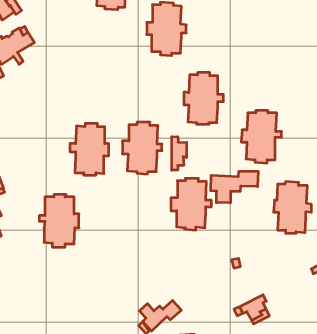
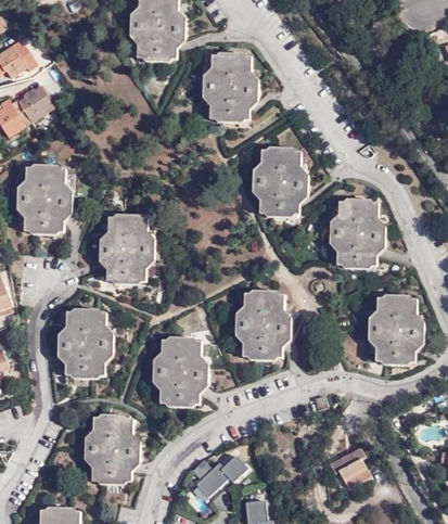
building: none -> [18,165,71,235]
building: [122,122,162,174] -> [153,337,206,407]
building: [172,137,187,170] -> none
building: [211,171,258,203] -> none
building: none -> [86,414,140,485]

